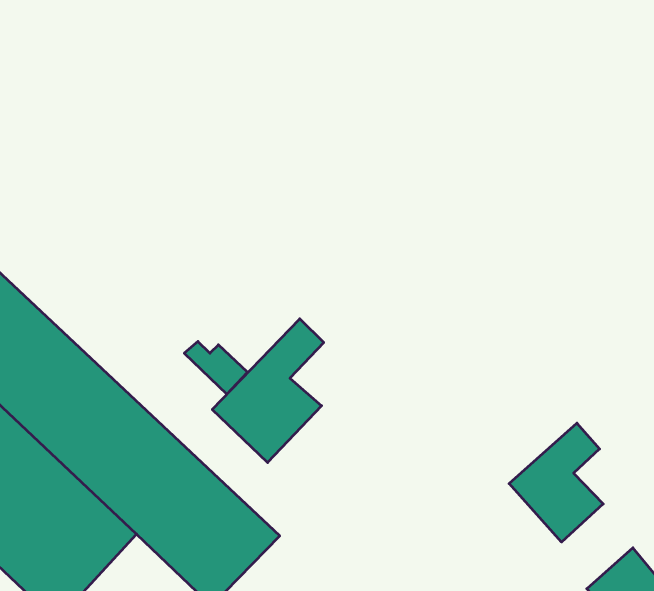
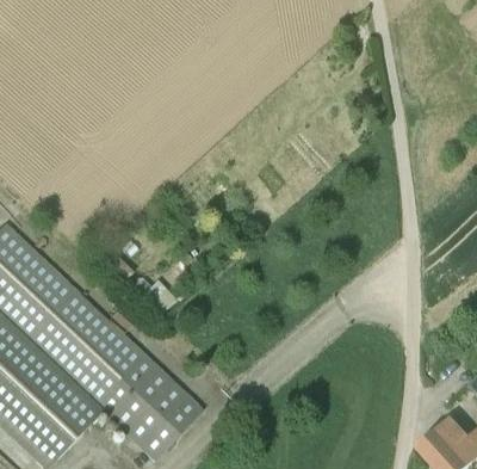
building: [212,319,324,463] -> none
building: [509,423,603,542] -> none

